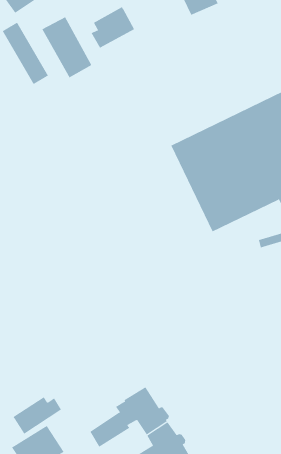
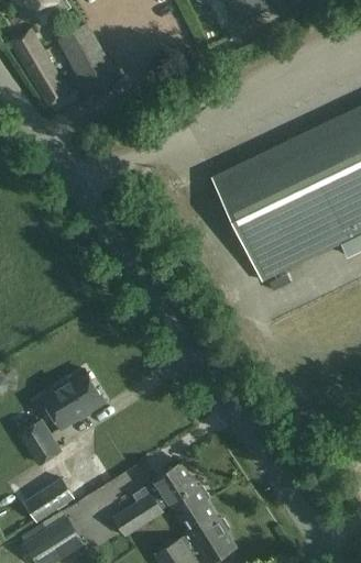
building: [91,6,135,48] -> none
building: none -> [42,371,105,430]
building: none -> [19,419,64,465]

